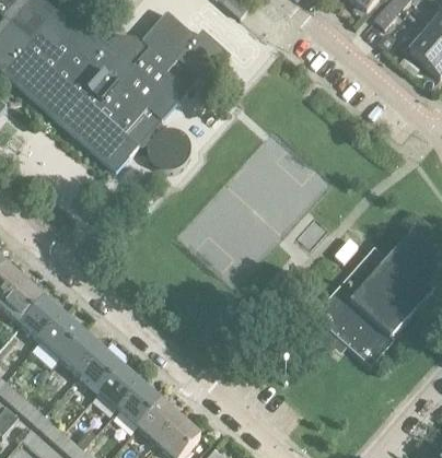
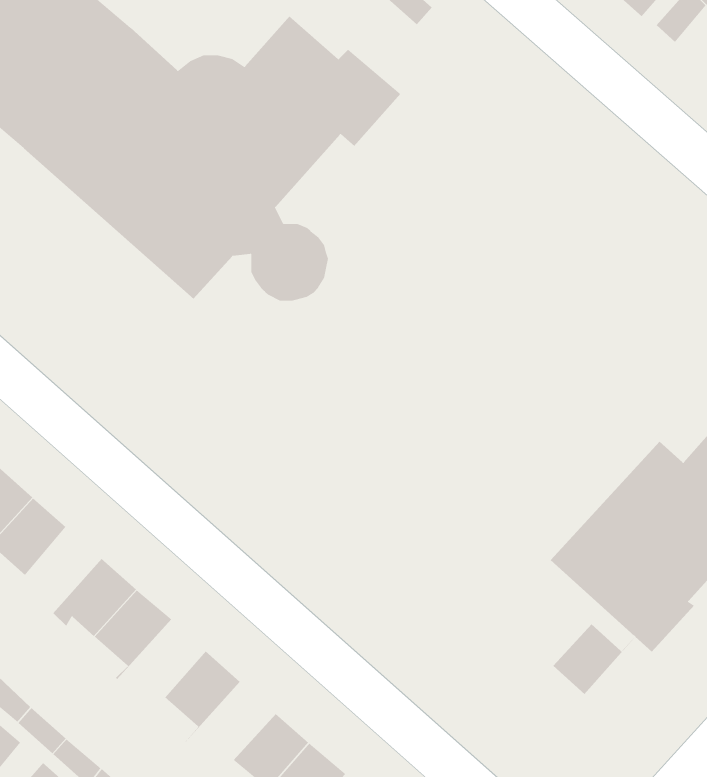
building: [20,296,62,344] -> none
building: [71,348,120,391] -> none
building: none -> [552,623,635,695]
building: [109,383,160,426] -> none

